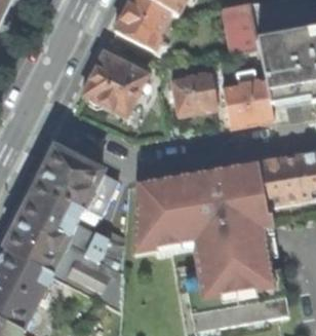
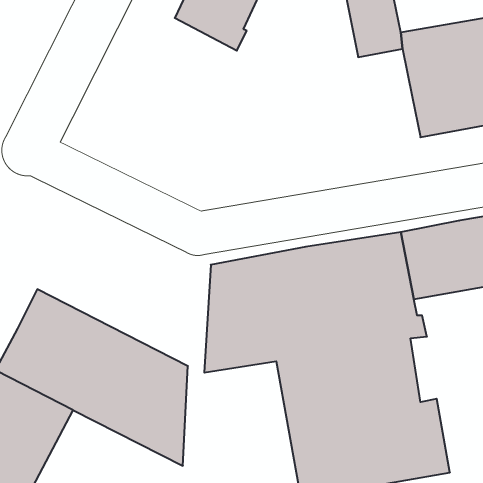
building: [83,51,148,116] -> none
building: [170,67,216,114] -> none
building: [222,68,273,125] -> none
building: [30,149,119,223] -> none

